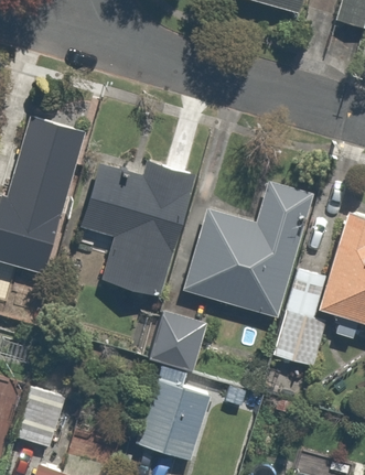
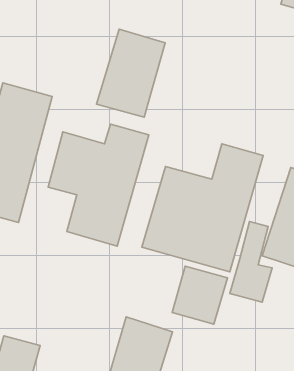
building: none -> [96,29,165,117]
building: [148,309,210,374] -> [172,266,227,324]

